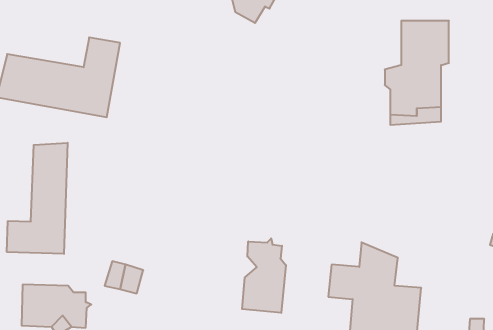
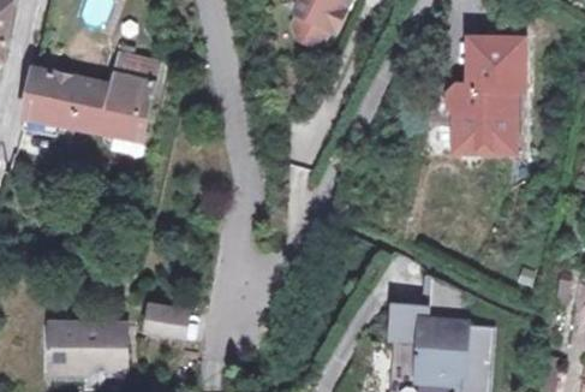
building: [7,143,68,254] -> none
building: [242,238,286,313] -> none

